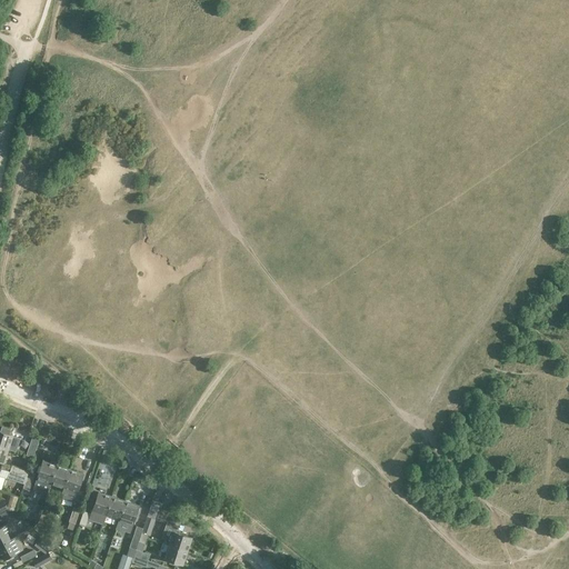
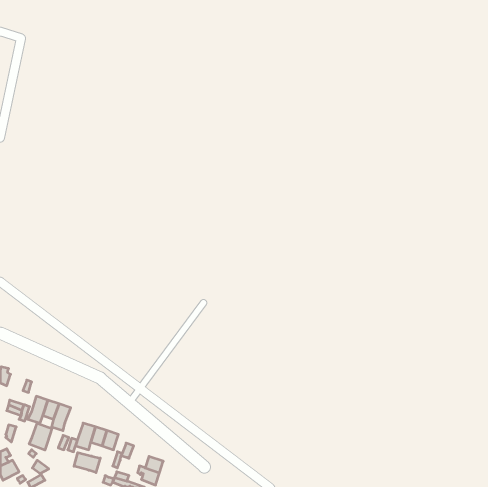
building: none -> [29,423,52,450]
building: none -> [74,453,100,473]

